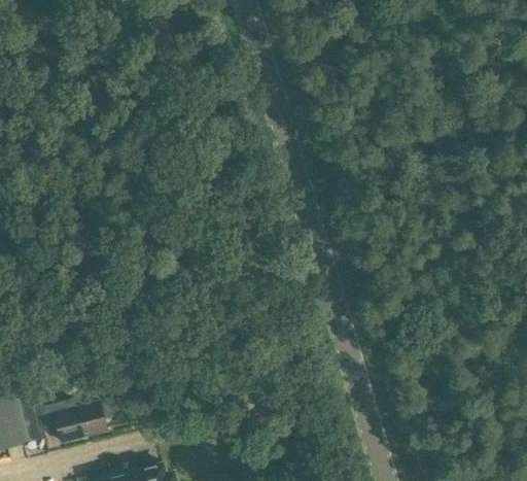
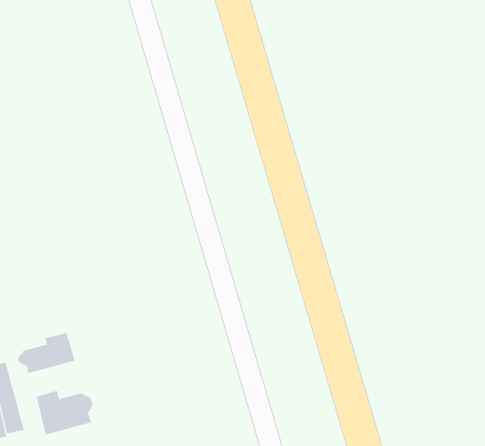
building: none -> [18,332,75,374]

